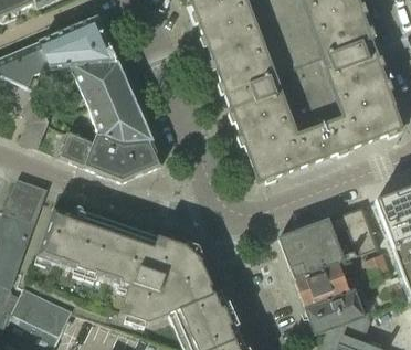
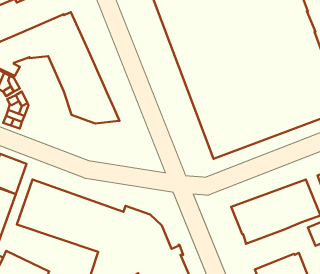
building: [59,134,161,182] -> none
building: [294,263,348,308] -> none

